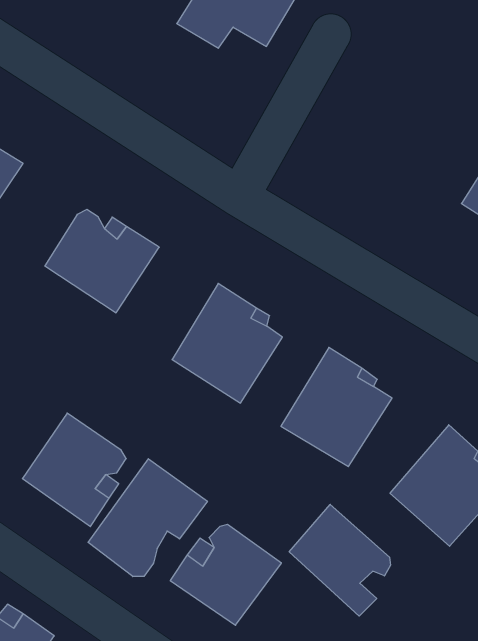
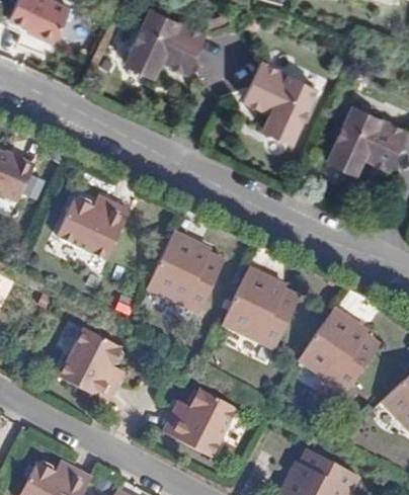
building: none -> [242,67,313,143]
building: [88,459,207,577] -> none
building: [289,504,391,616] -> none

